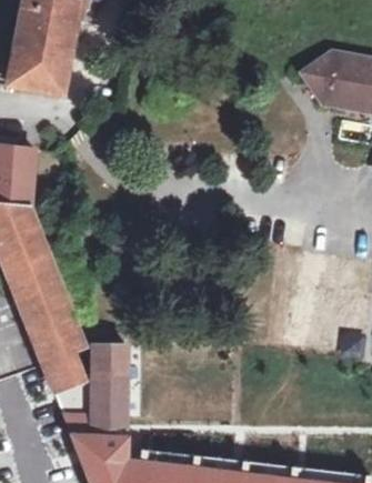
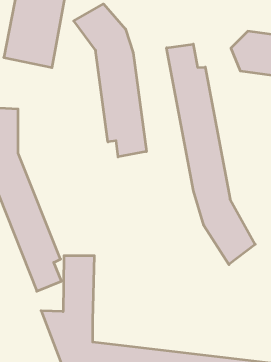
building: none -> [74,4,146,157]
building: none -> [167,44,255,265]

